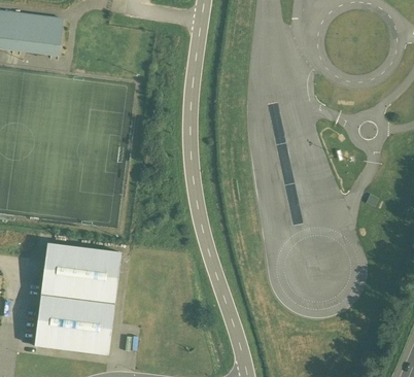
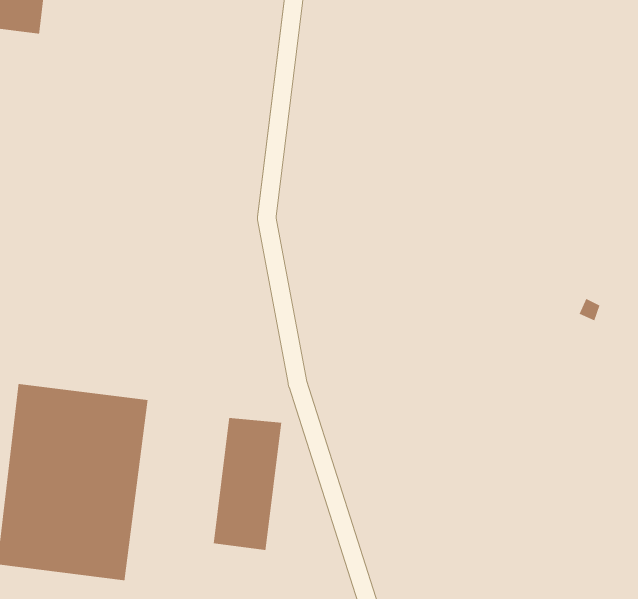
building: none -> [213,417,282,551]

